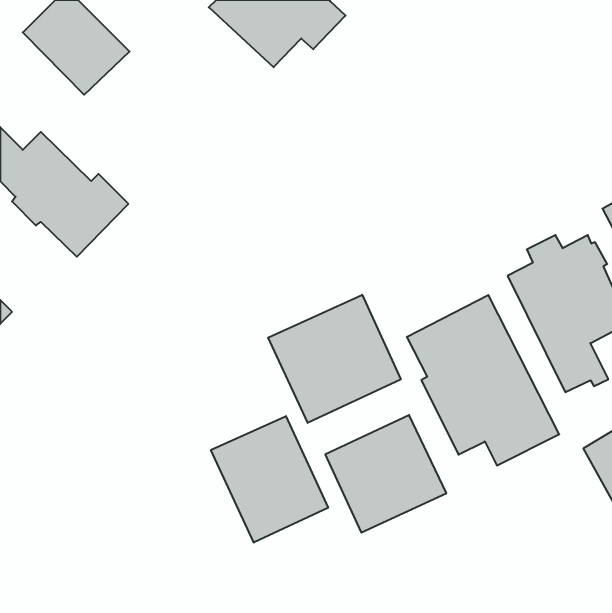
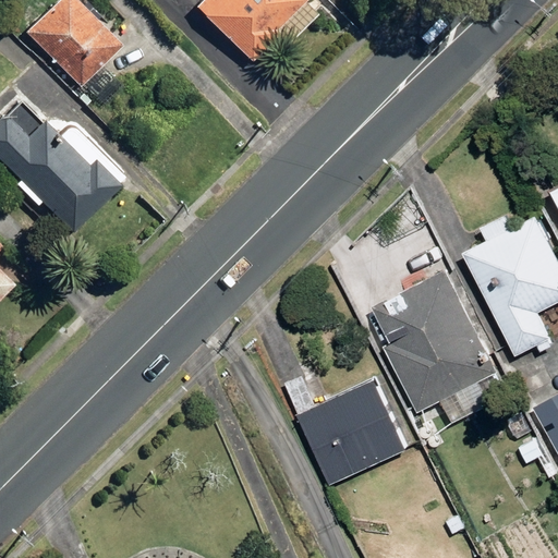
building: [268,295,401,423] -> none
building: [211,416,328,543] -> none

